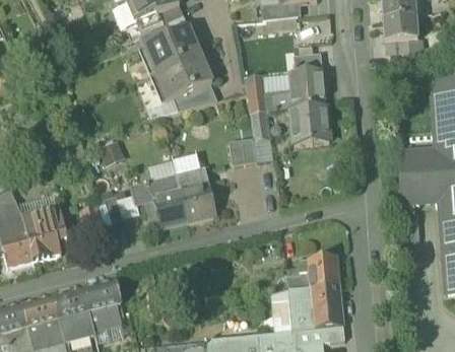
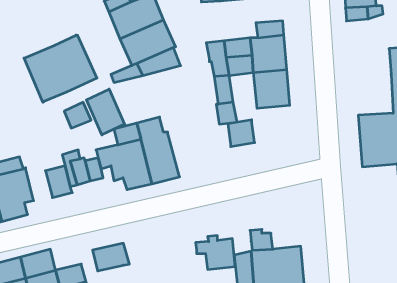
building: none -> [24,35,97,102]
building: none -> [86,89,125,135]
building: [230,137,257,164] -> [228,120,255,147]
building: [300,254,340,288] -> [196,236,235,269]
building: [84,281,122,309] -> [93,243,129,271]

